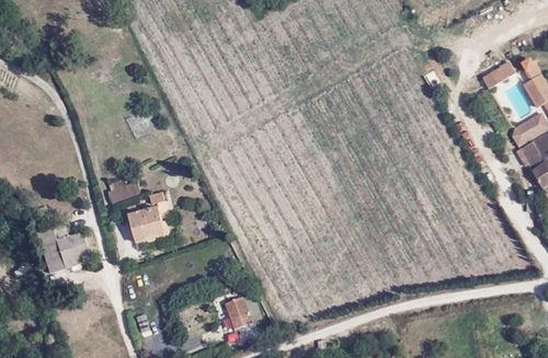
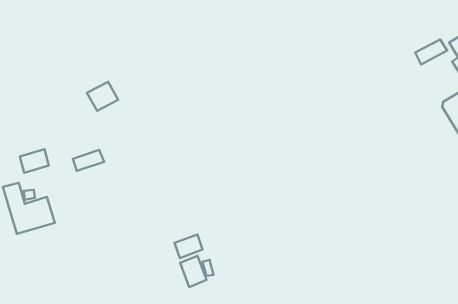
building: none -> [20,149,49,173]
building: [126,190,176,244] -> none
building: none -> [175,234,203,258]

